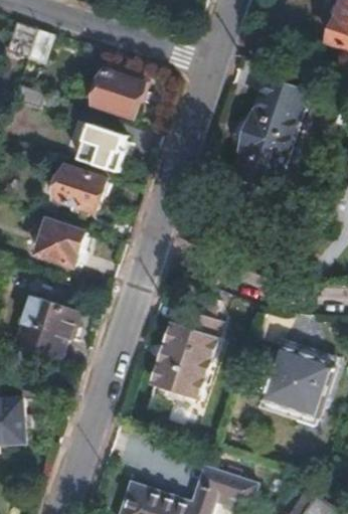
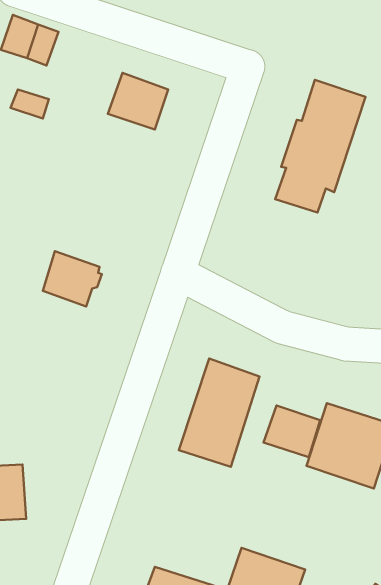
building: [81,125,124,169] -> none
building: [56,165,109,212] -> none
building: [19,294,79,356] -> none
building: none -> [264,405,320,457]

